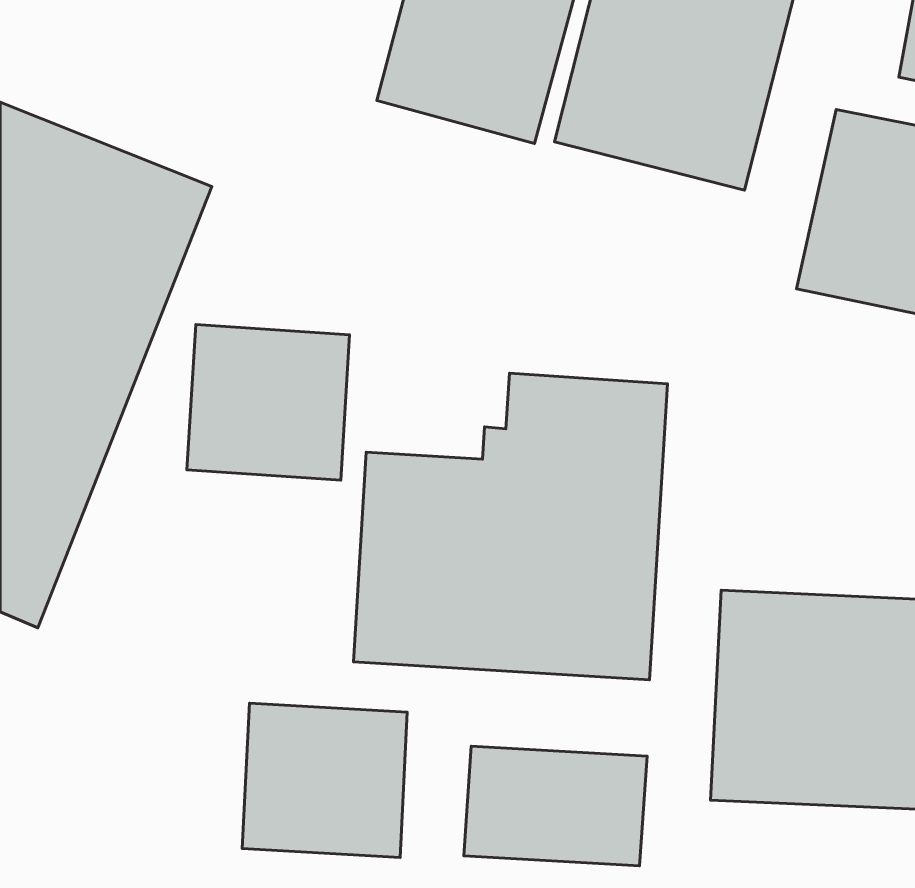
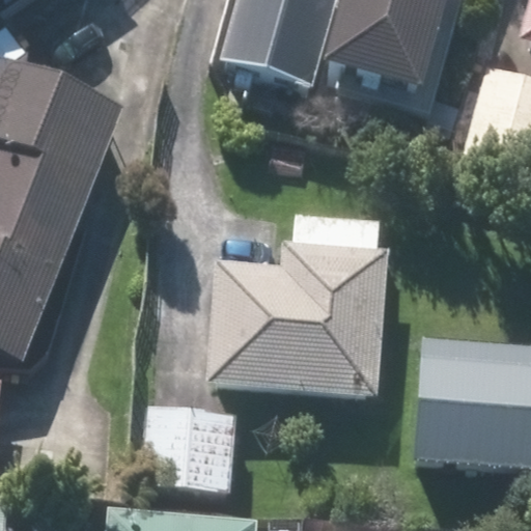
building: [187,324,350,480] -> none
building: [464,746,647,866] -> none

